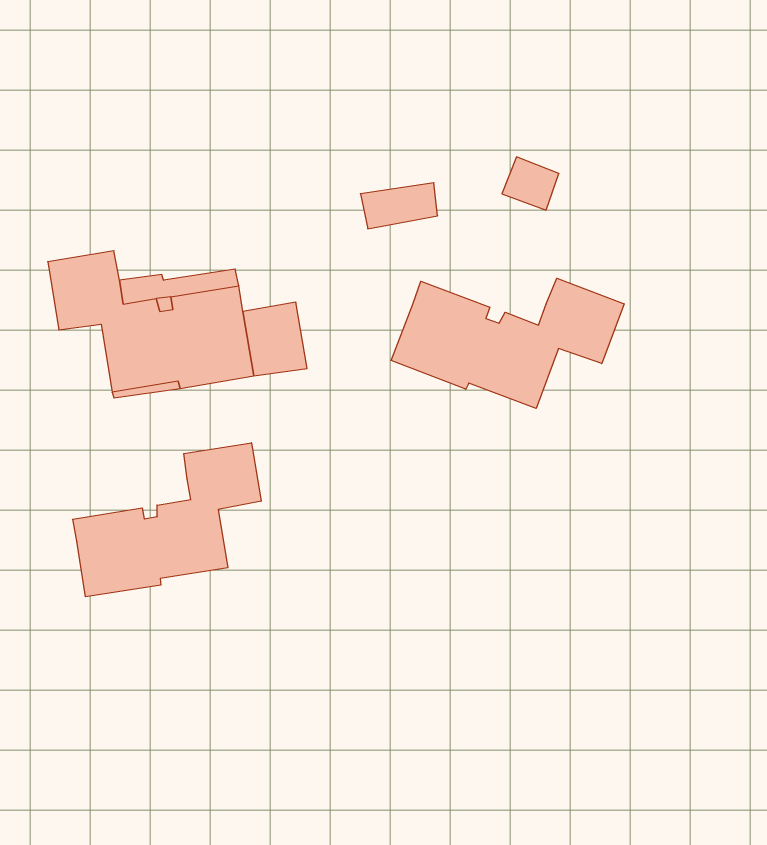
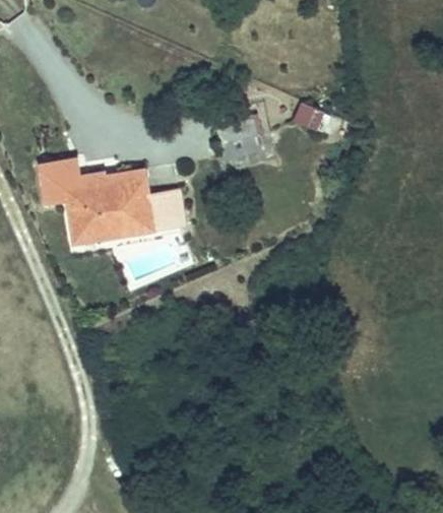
building: [391,278,624,408] -> none
building: [73,443,261,597] -> none

